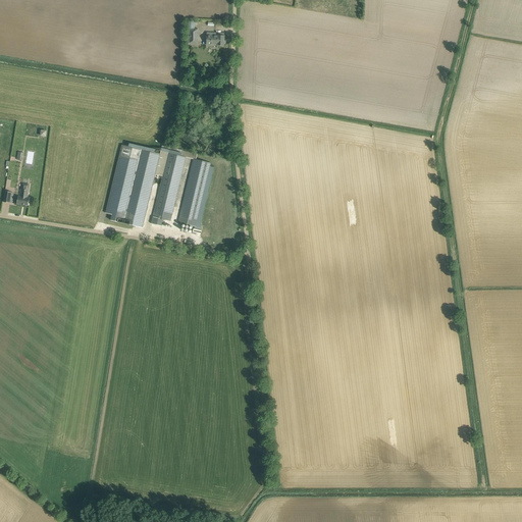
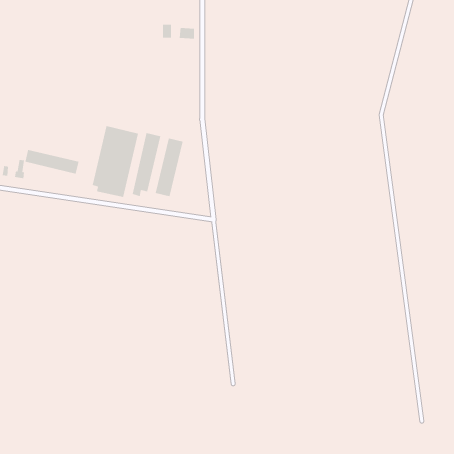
building: none -> [25,149,79,174]

